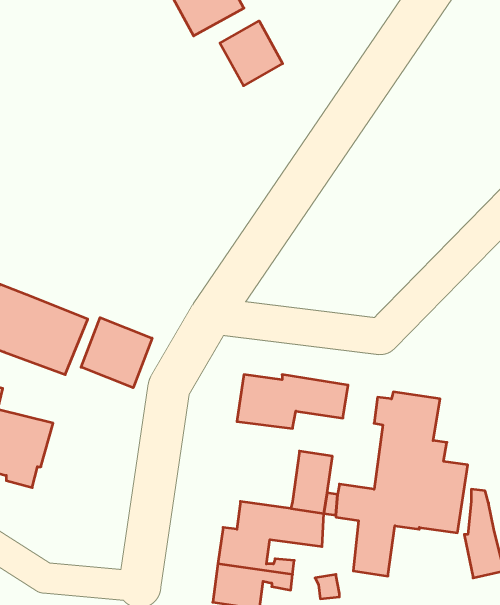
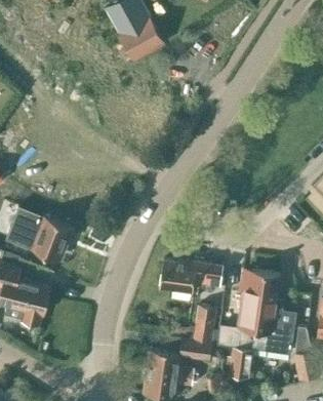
building: [220,21,283,86] -> none
building: [81,318,152,388] -> none

